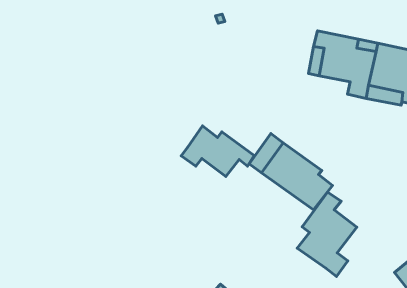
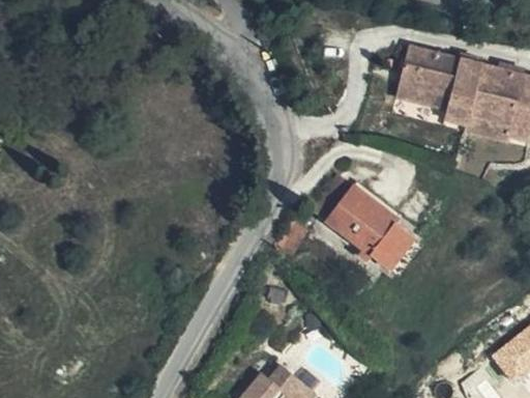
building: [181,126,254,177] -> none
building: [297,192,357,277] -> none

